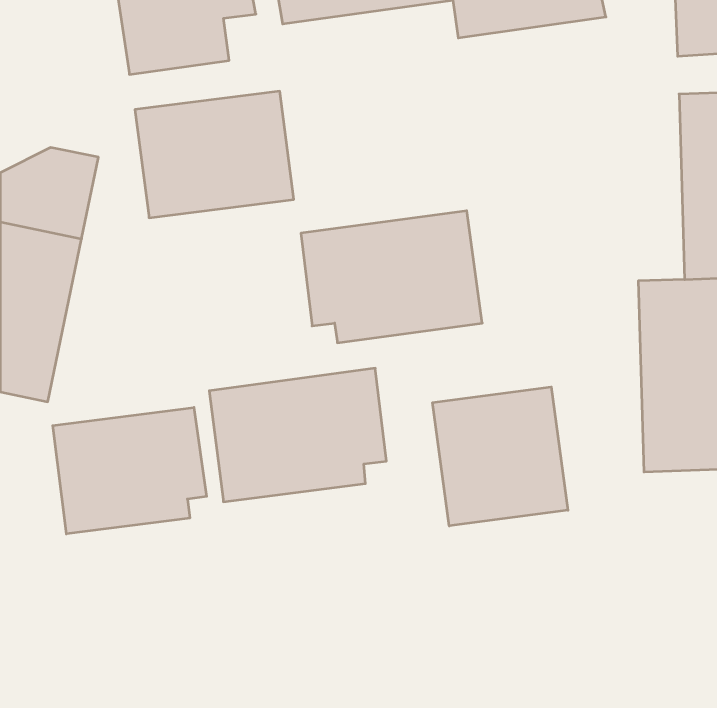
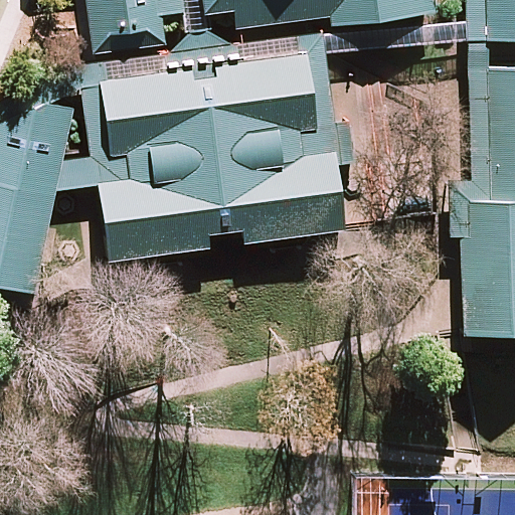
building: none -> [201,51,316,143]
building: [209,368,386,502] -> [98,167,224,263]
building: [433,387,568,526] -> none
building: [53,407,207,534] -> none

